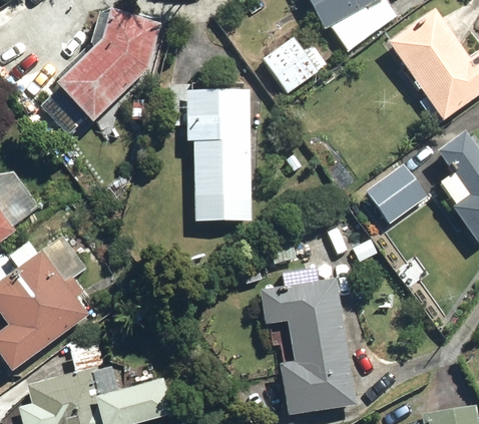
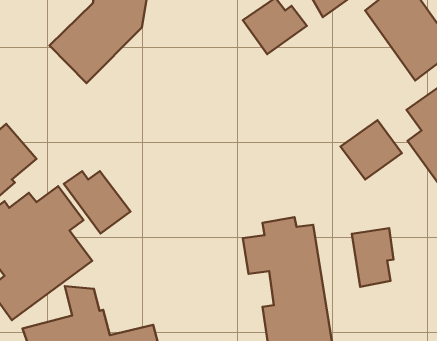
building: [167,86,253,223] -> none
building: none -> [64,171,130,233]
building: none -> [352,228,394,287]

